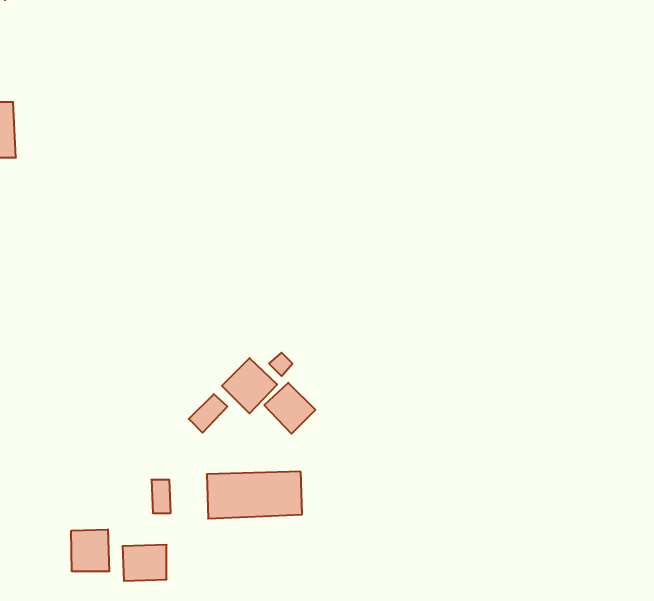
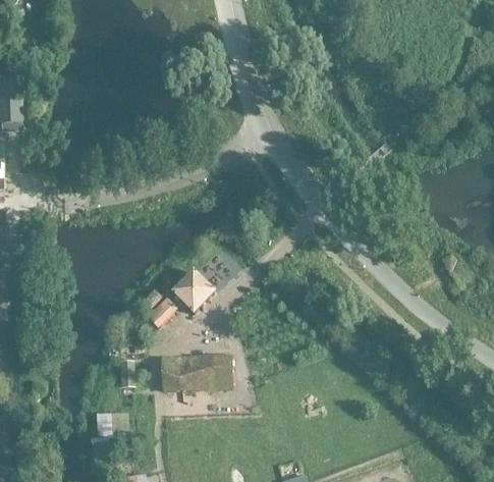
building: [264,383,315,434] -> none
building: [71,529,109,571] -> none

